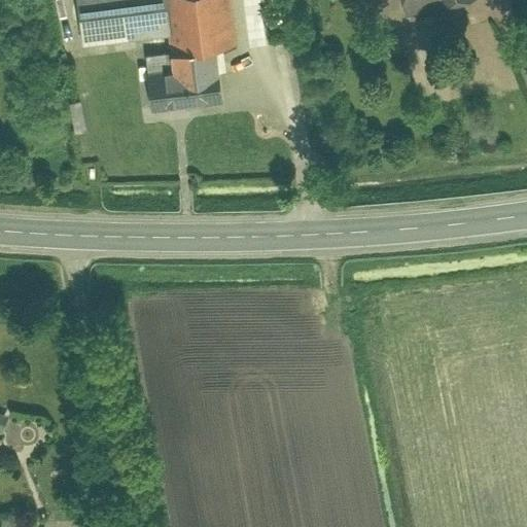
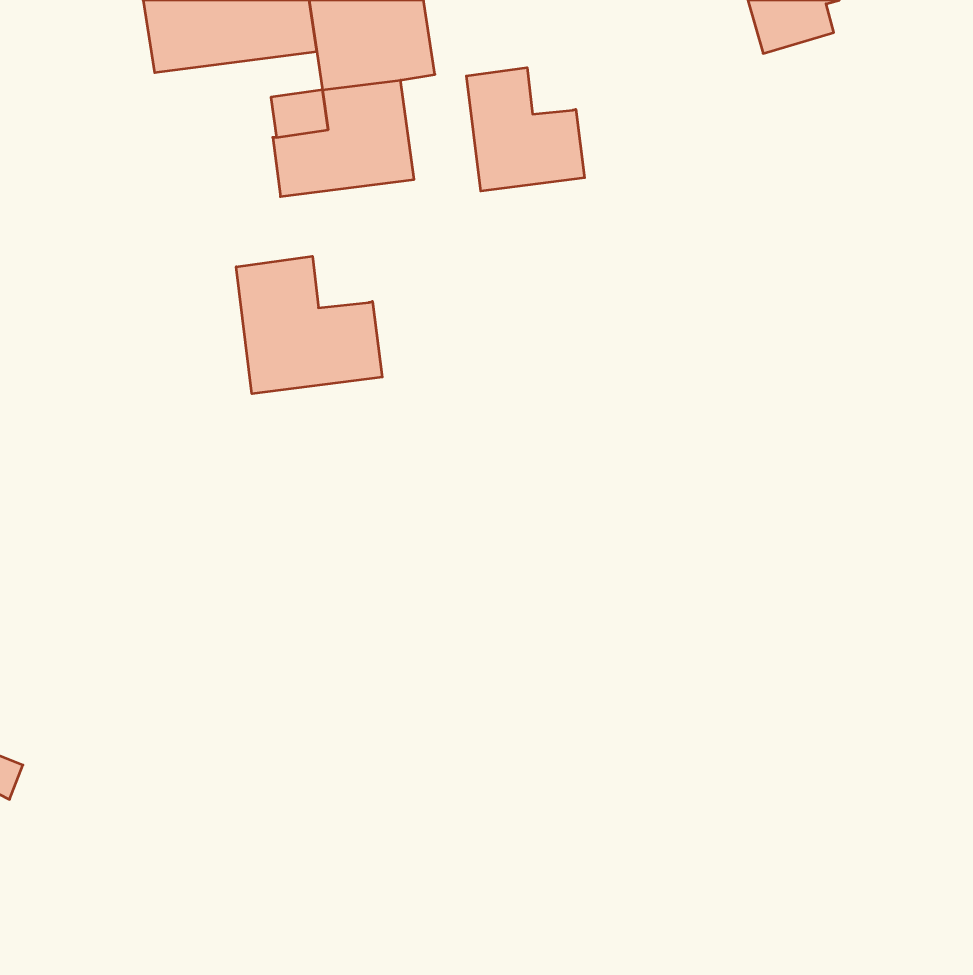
building: none -> [466,68,585,191]
building: none -> [236,256,382,394]

